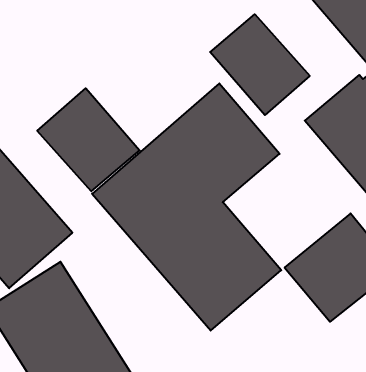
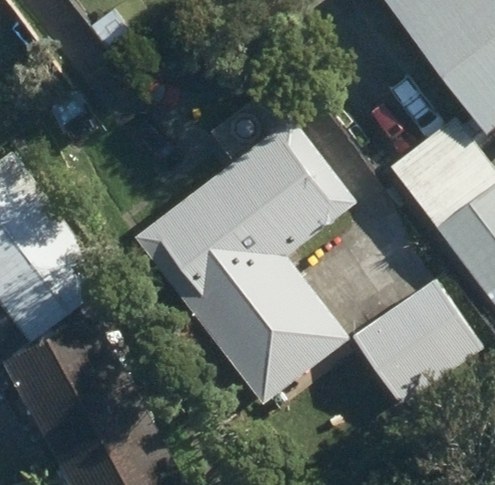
building: [210,14,310,115] -> none
building: [37,88,140,191] -> none

